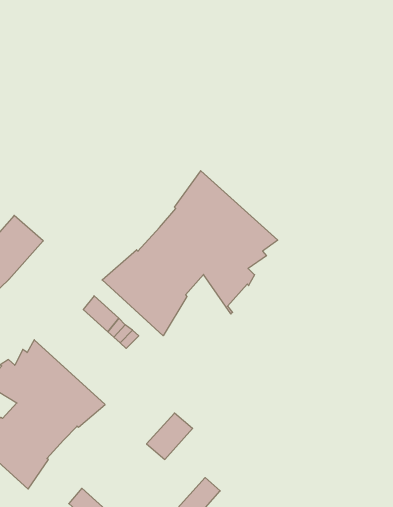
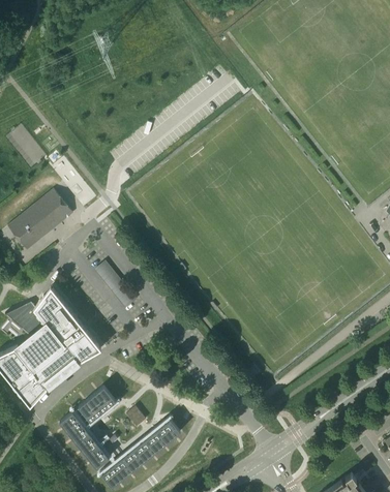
building: [102,171,278,336] -> none
building: [147,413,193,459] -> [79,386,117,421]

